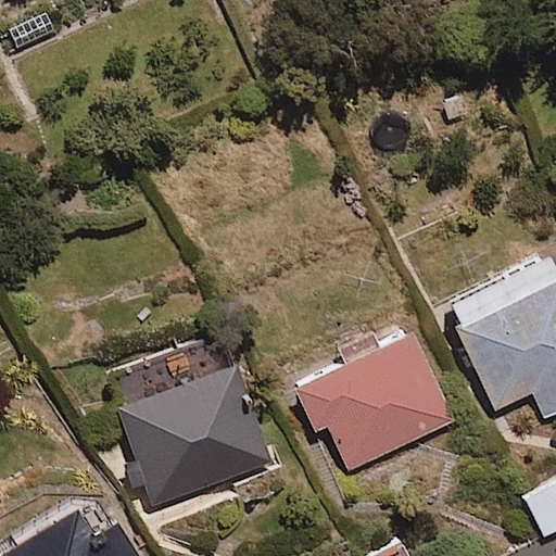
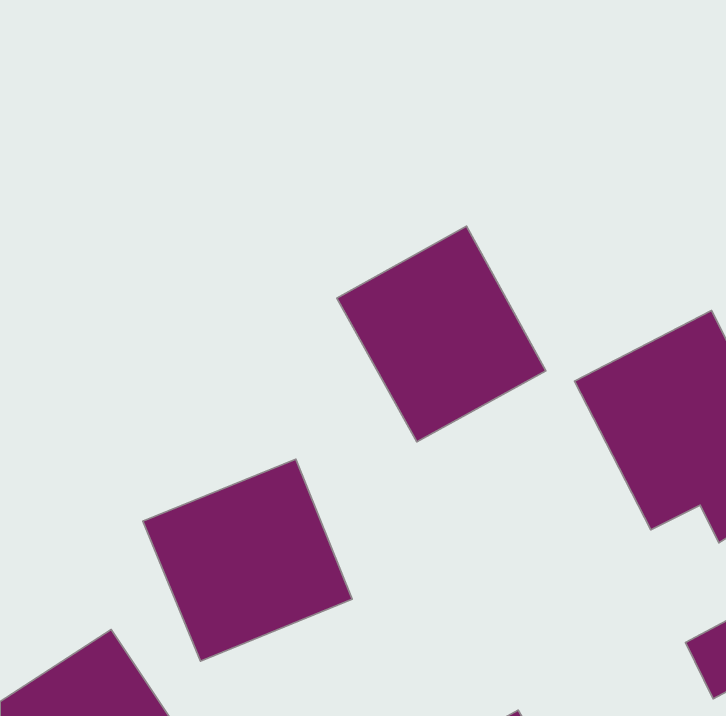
building: none -> [337,226,546,442]
building: [293,321,459,483] -> none

